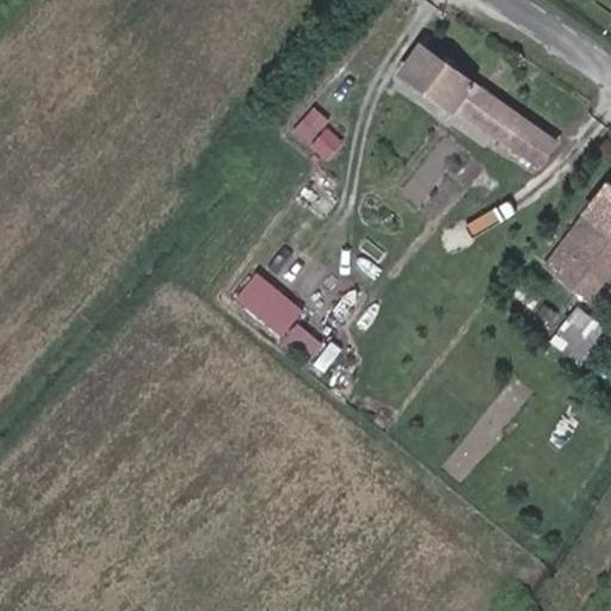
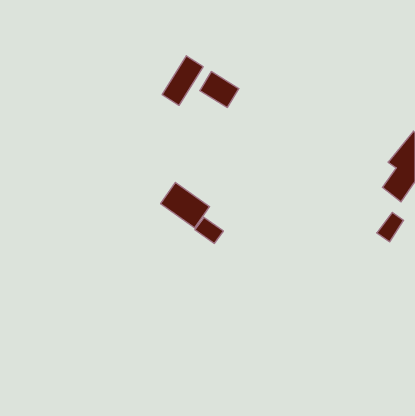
building: [402,53,555,171] -> none
building: none -> [162,56,203,105]

